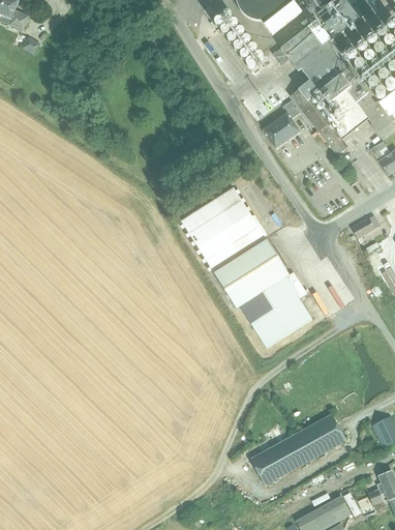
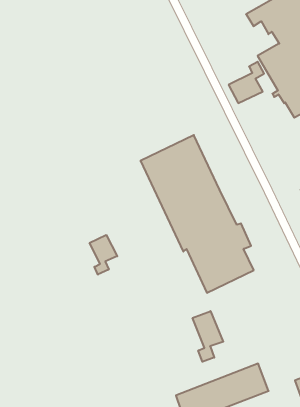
building: none -> [90,235,117,275]
building: none -> [193,311,223,362]

